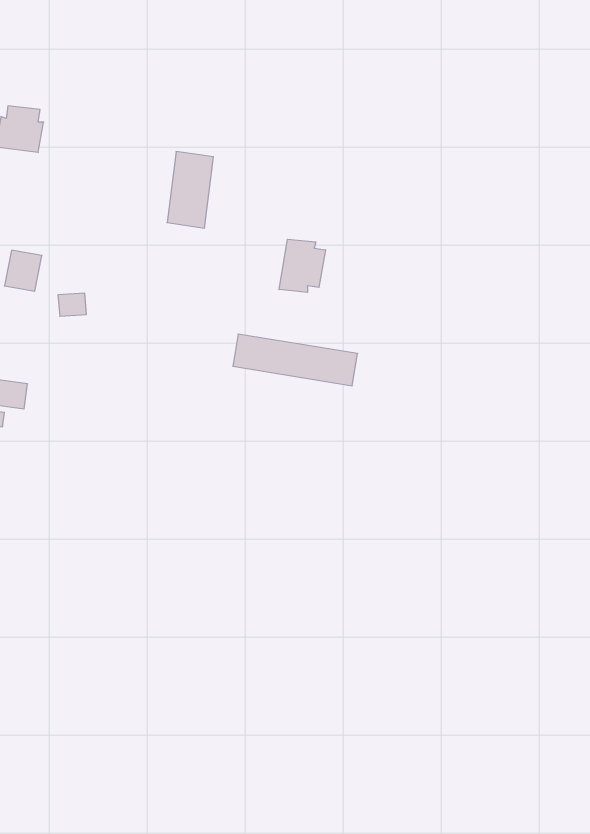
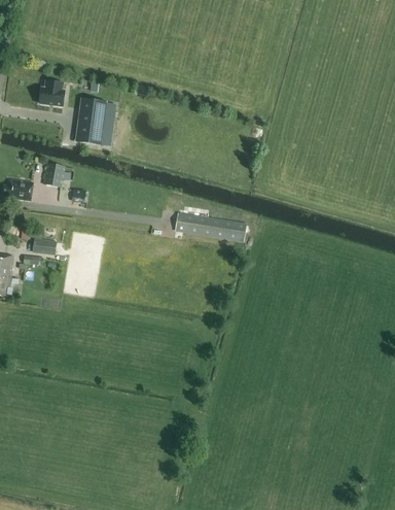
building: [167,151,213,228] -> [79,99,106,143]
building: [279,239,326,292] -> none

